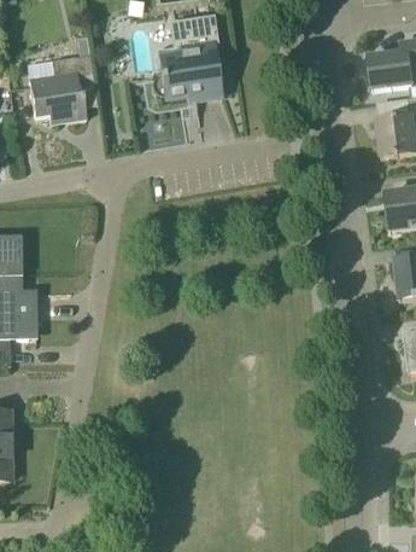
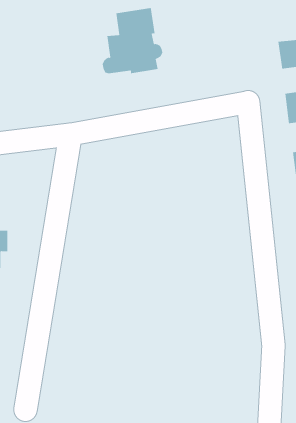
building: [31,53,98,123] -> none

